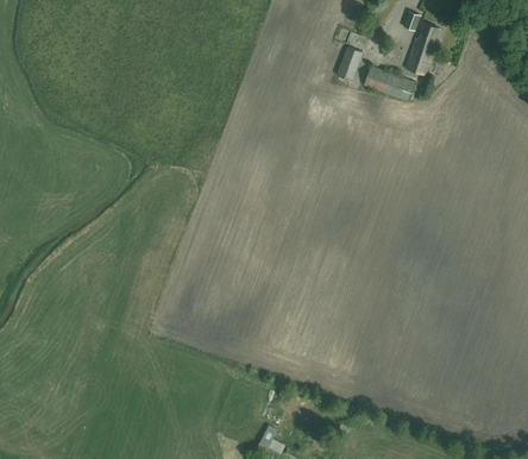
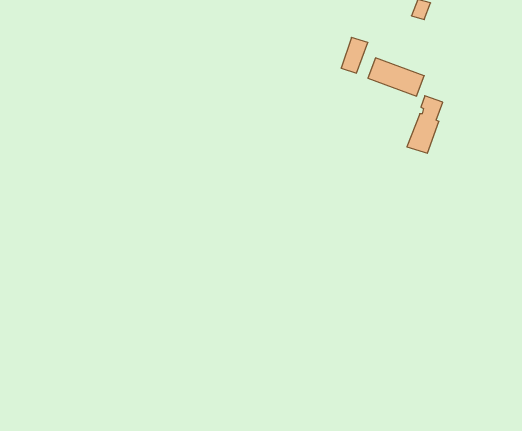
building: [404,21,438,75] -> [407,96,443,153]

